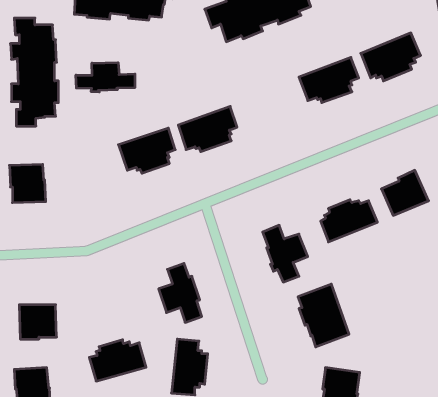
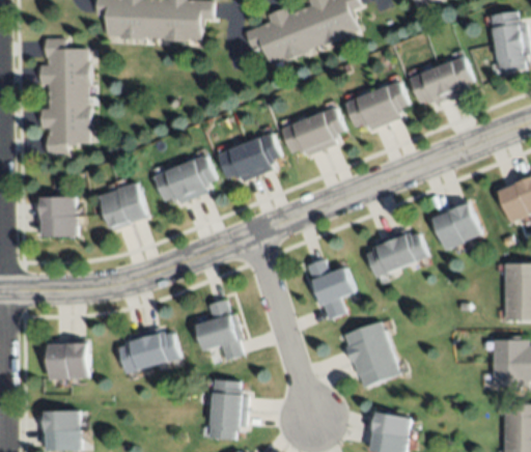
building: [76,63,135,92] -> none
building: none -> [281,107,344,156]
building: none -> [102,182,148,229]
building: [89,340,146,381] -> [120,329,180,372]

